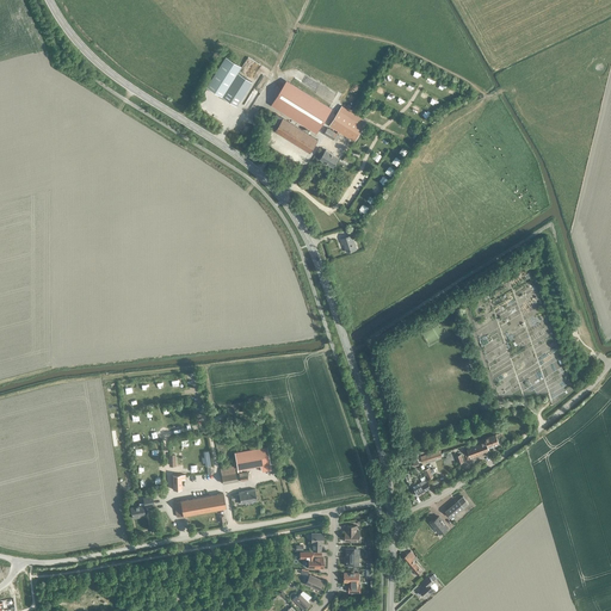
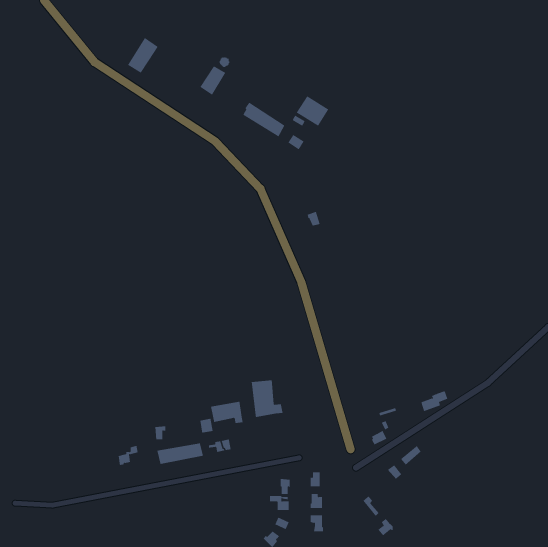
building: [206,57,241,98] -> [127,37,158,73]
building: [272,82,332,134] -> none
building: none -> [251,379,283,418]

